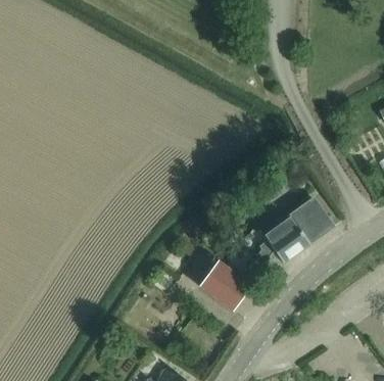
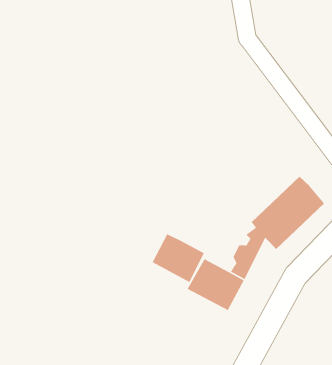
building: none -> [151,233,205,283]

